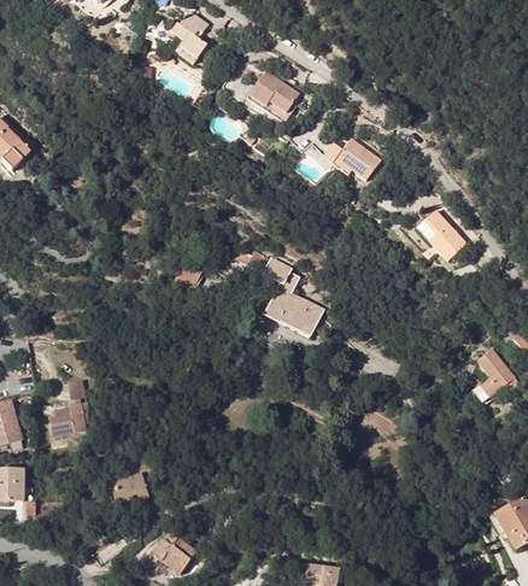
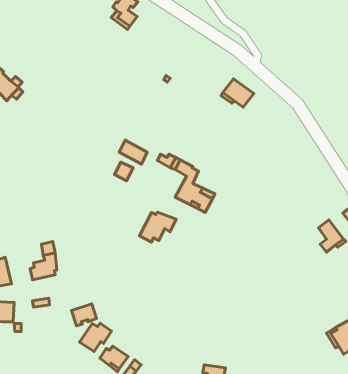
building: [247,70,300,122] -> none
building: [413,210,464,262] -> none
building: none -> [119,140,147,164]
building: none -> [139,212,176,242]
building: none -> [79,323,111,351]

